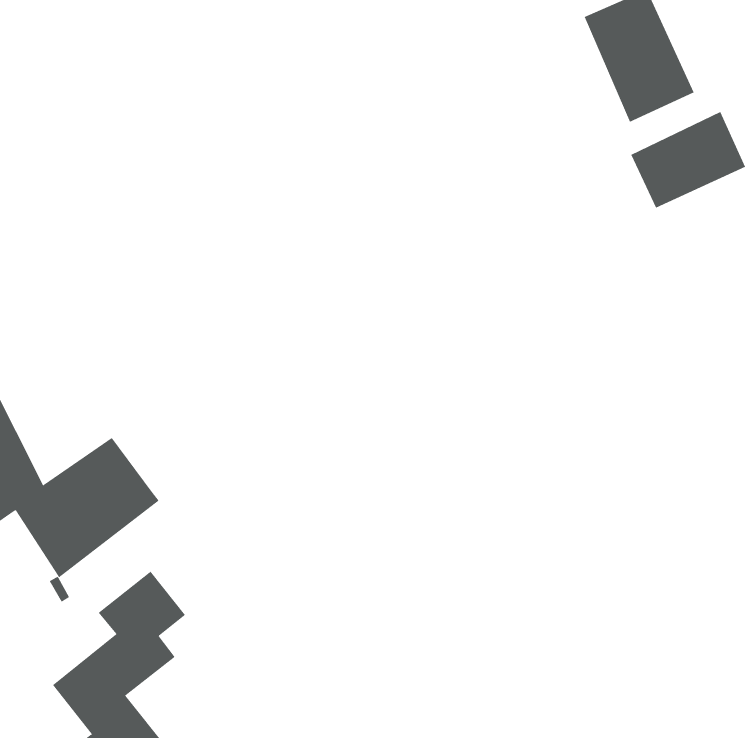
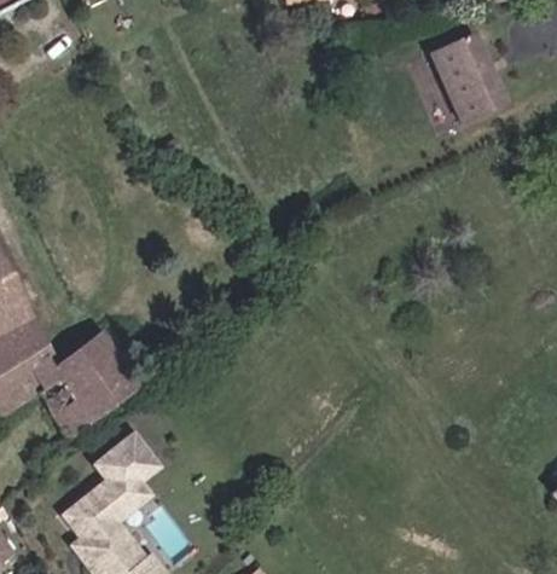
building: [631,111,746,208] -> none

